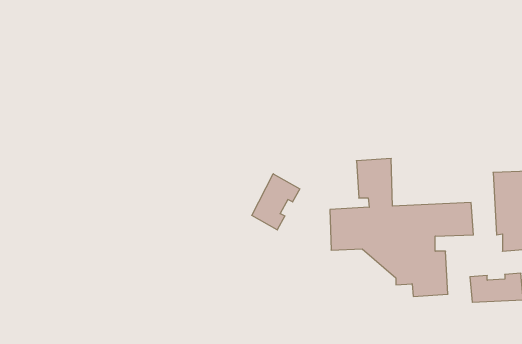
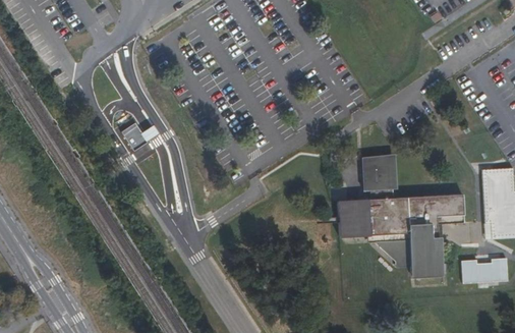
building: [252,174,300,230] -> none

